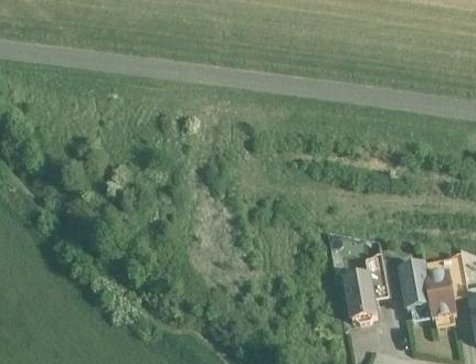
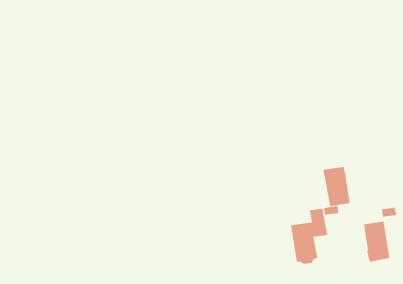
building: [398,266,429,310] -> [322,167,350,206]

